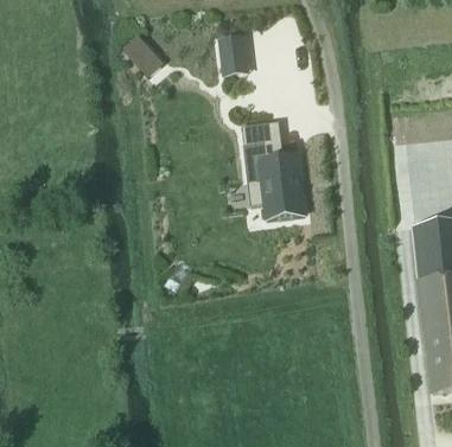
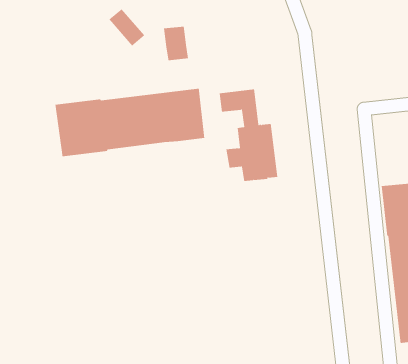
building: [218,36,246,72] -> [163,26,189,61]
building: none -> [55,88,205,157]

